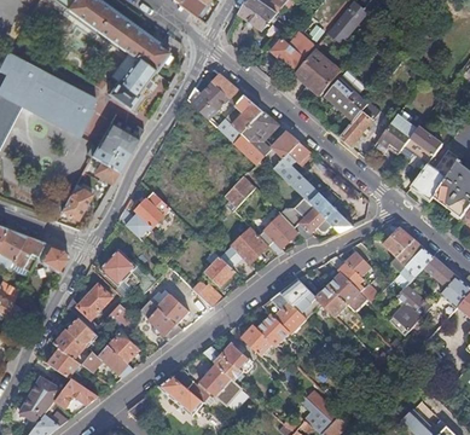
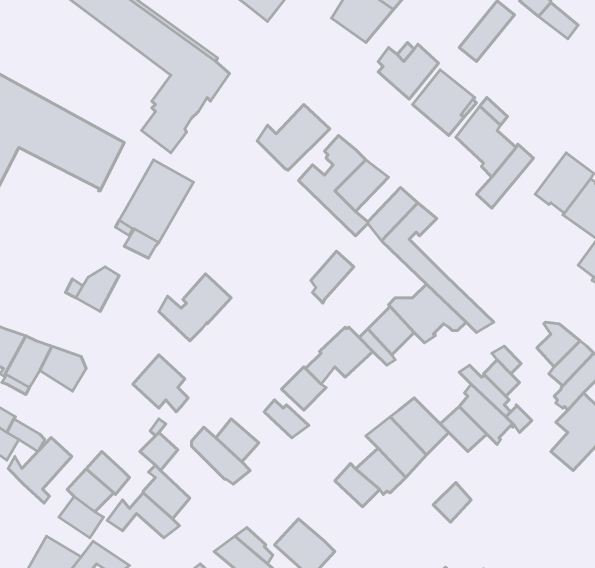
building: [68,284,112,330] -> [8,437,72,503]
building: [203,343,253,379] -> none

